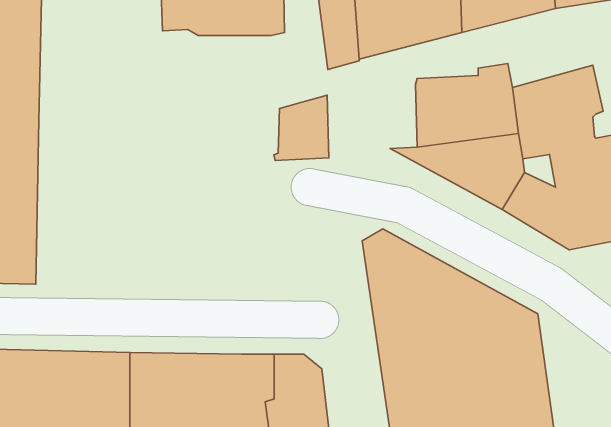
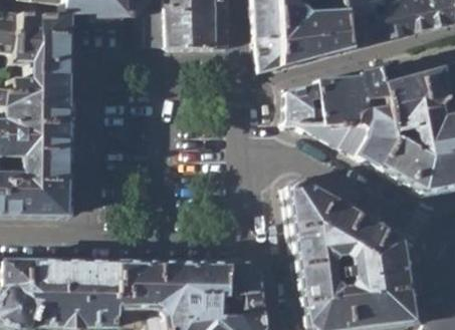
building: [274,95,329,161] -> [284,82,321,126]

